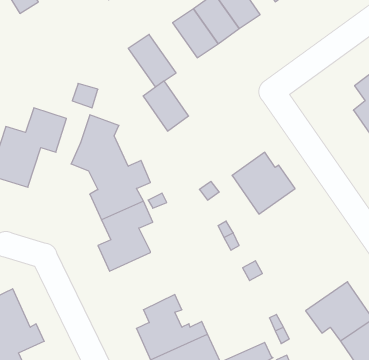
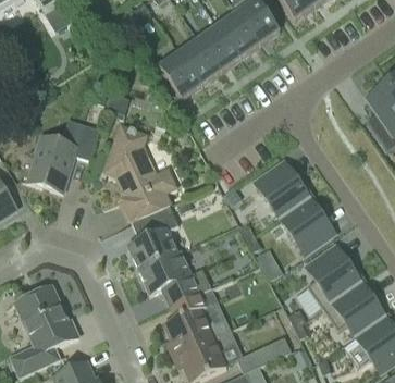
building: [143,81,189,131] -> [178,38,221,85]
building: none -> [279,193,335,252]
building: none -> [306,244,361,307]
building: none -> [139,250,211,306]

